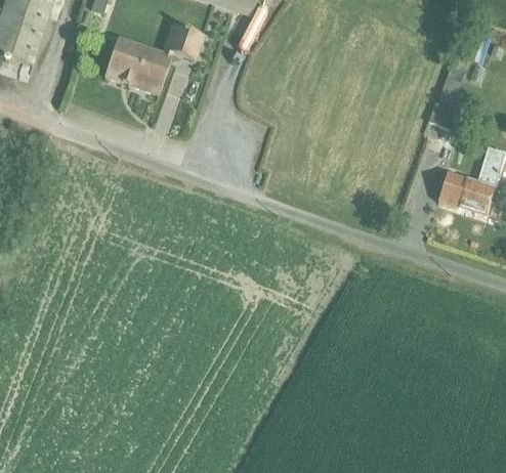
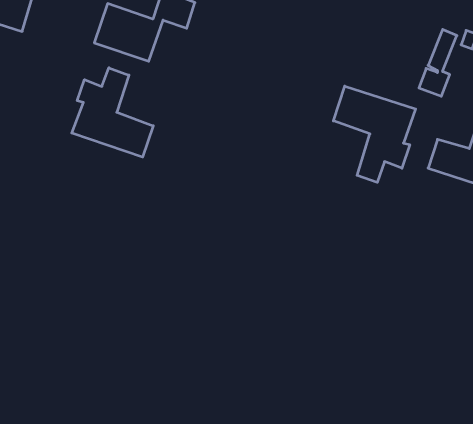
building: none -> [72,68,153,157]
building: none -> [333,86,416,182]

